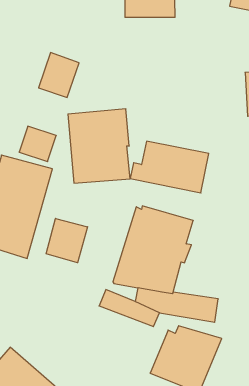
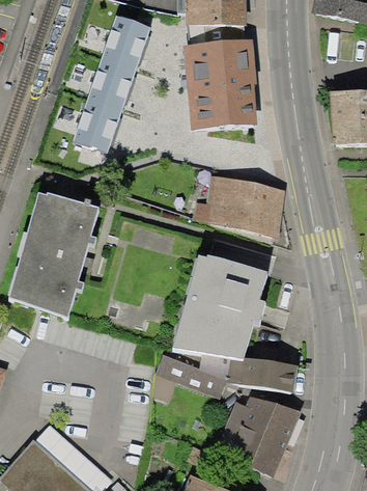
building: none -> [97,16,151,81]
building: [68,109,130,183] -> [184,39,258,129]
building: [19,126,56,162] -> [73,111,117,154]
building: [46,218,88,263] -> none

